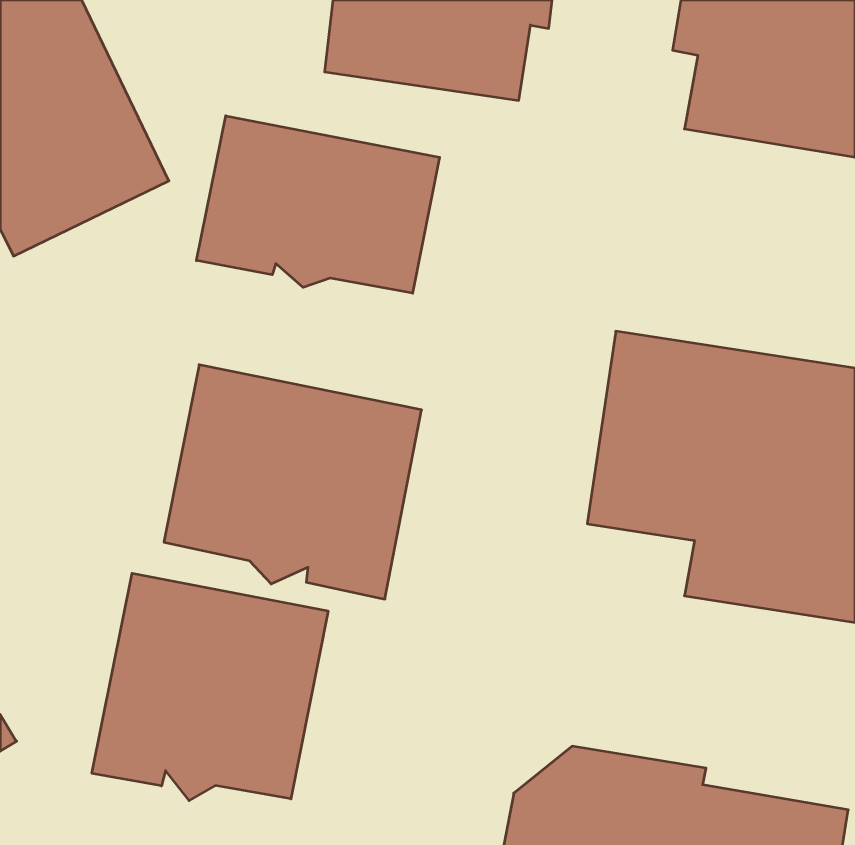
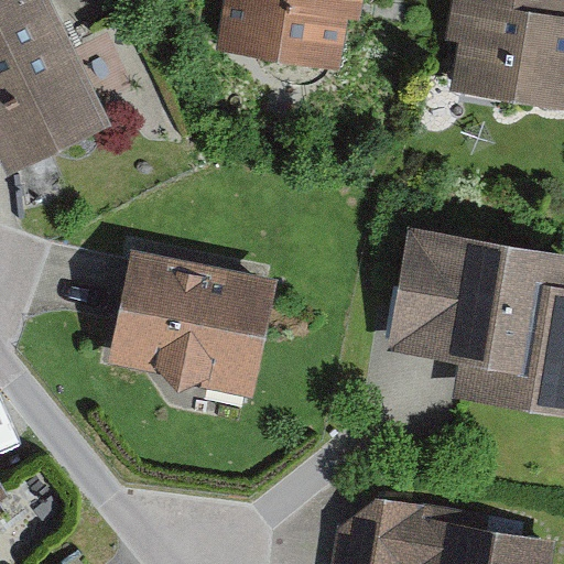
building: [196,116,440,293] -> none
building: [92,573,328,801] -> none

